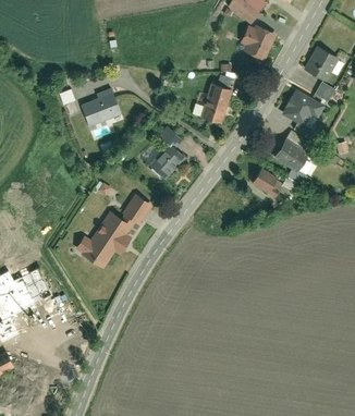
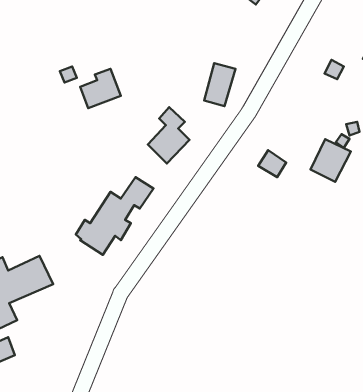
building: [240,29,273,65] -> none
building: [304,46,339,79] -> none
building: [283,89,326,130] -> none
building: [274,130,314,171] -> [310,139,351,182]

